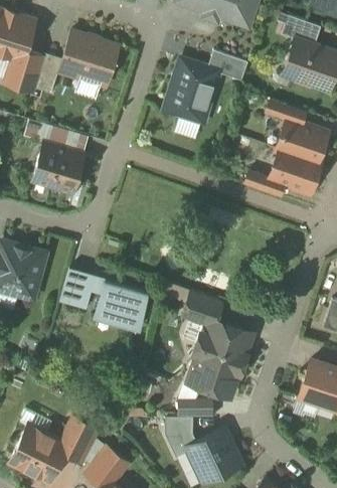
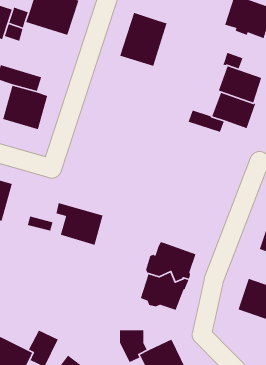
building: [207,51,247,82] -> none
building: [62,268,95,297] -> none
building: [182,291,221,325] -> none
building: [178,401,211,419] -> none

